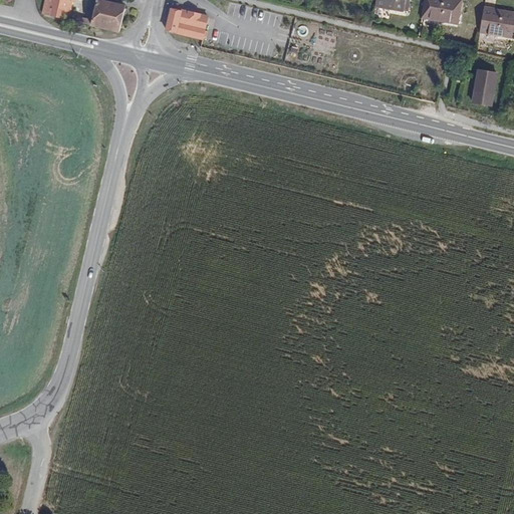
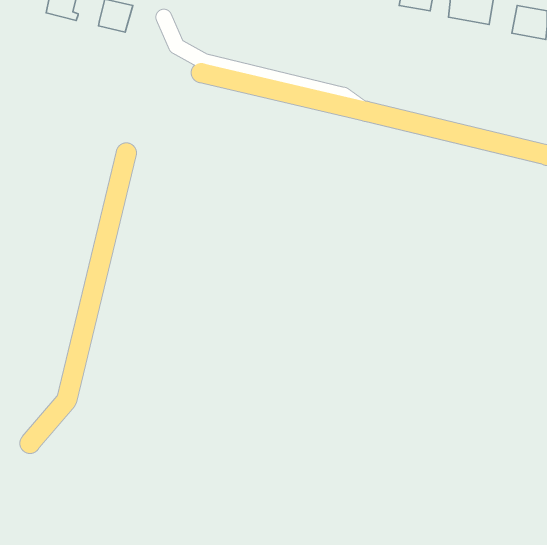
building: [166,7,208,38] -> none
building: [473,68,497,104] -> none

